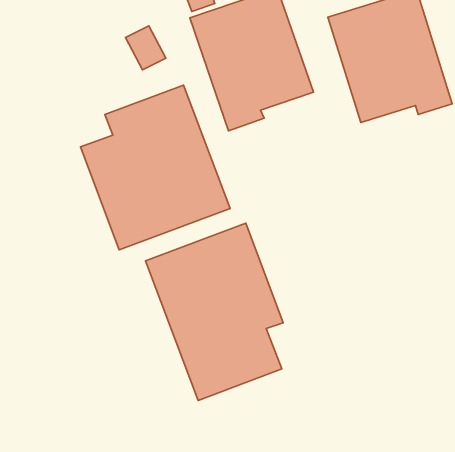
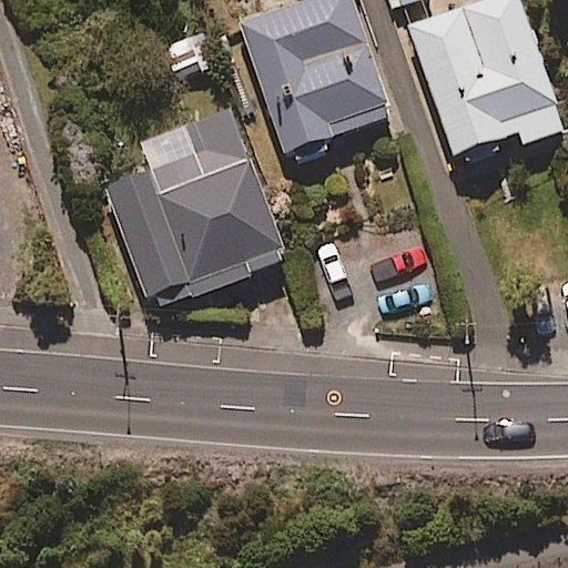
building: [145,223,283,400] -> none

